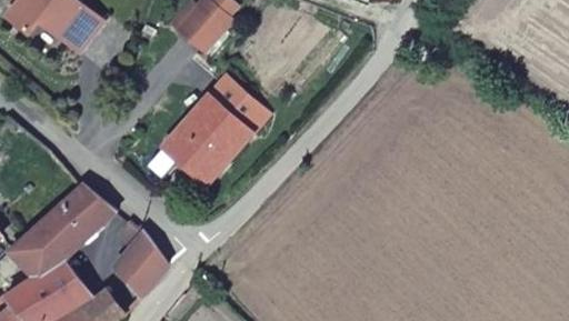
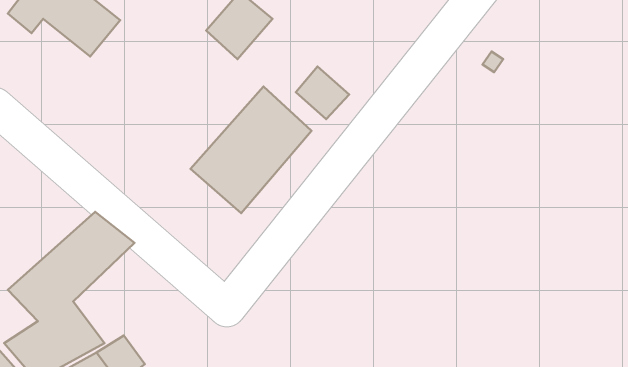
building: none -> [296,66,349,119]
building: [112,220,168,298] -> none

